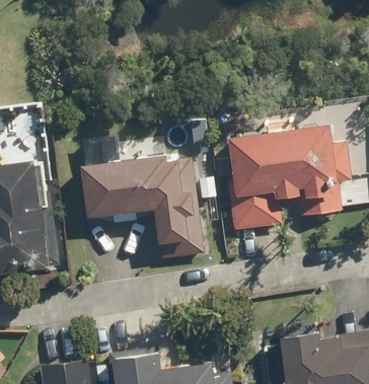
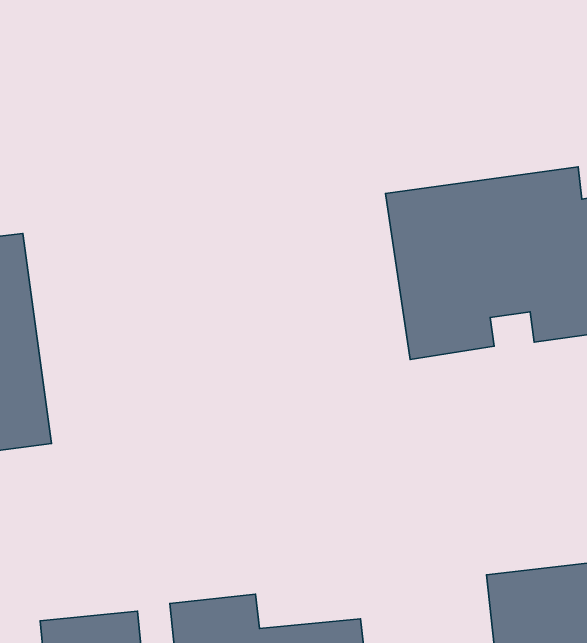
building: [79,155,196,244] -> none

